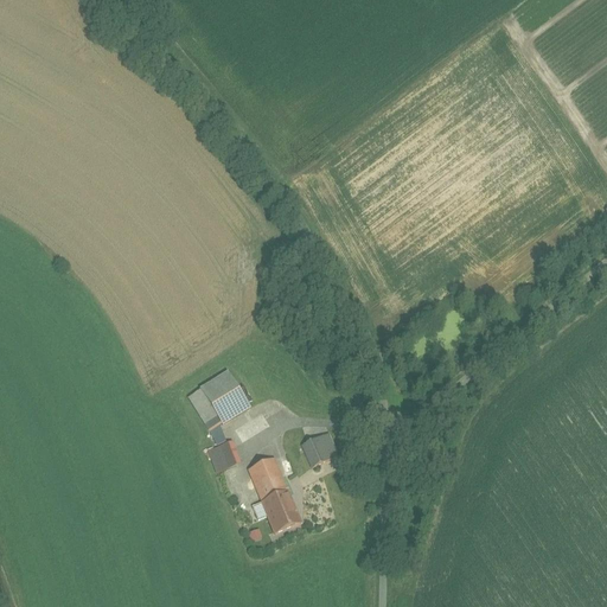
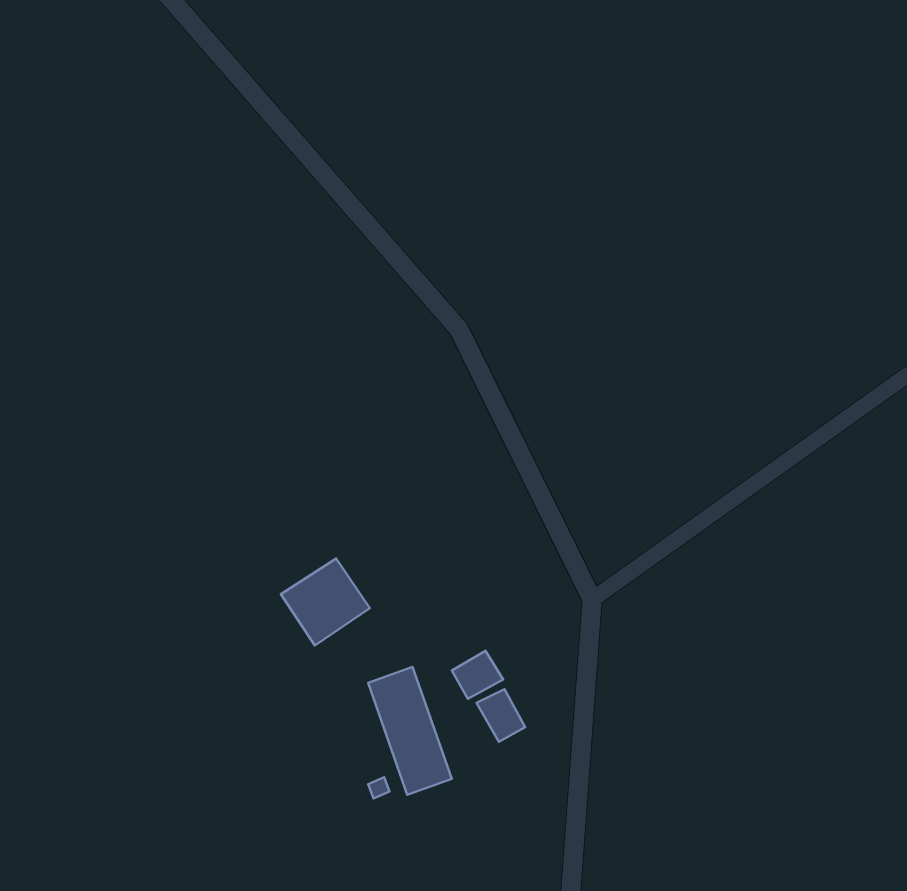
building: [207,441,238,471] -> none
building: none -> [476,689,525,742]

